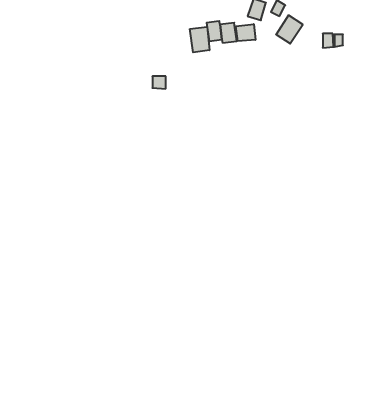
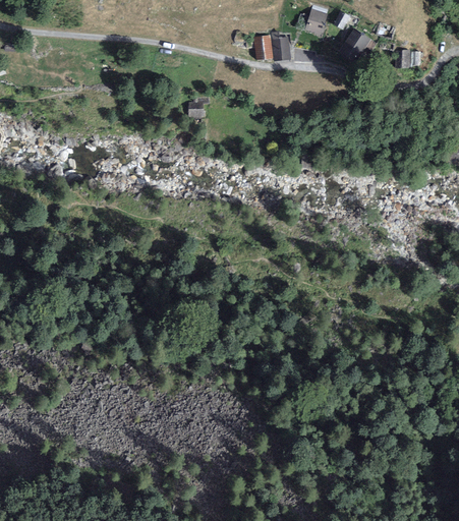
building: [236,24,255,41] -> none
building: [190,27,209,52] -> none

